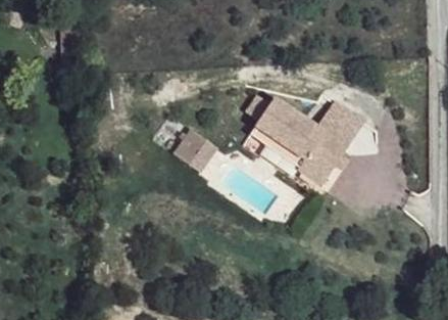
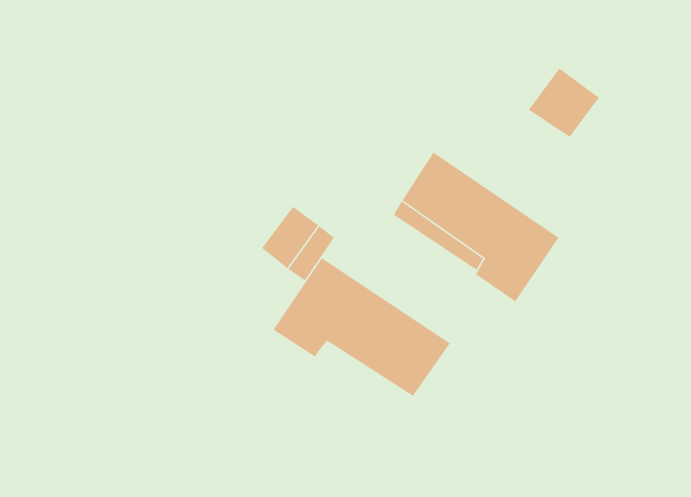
building: [322,105,364,146] -> [528,68,600,138]
building: none -> [273,257,451,397]

